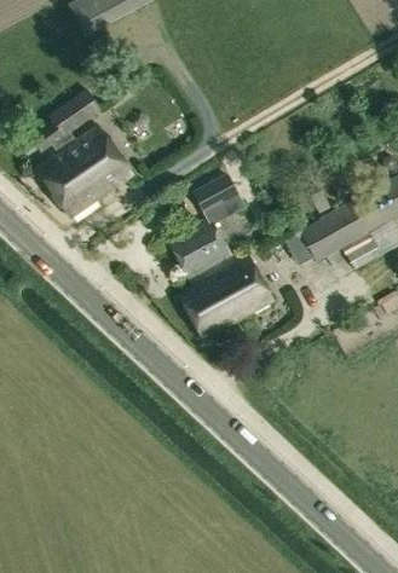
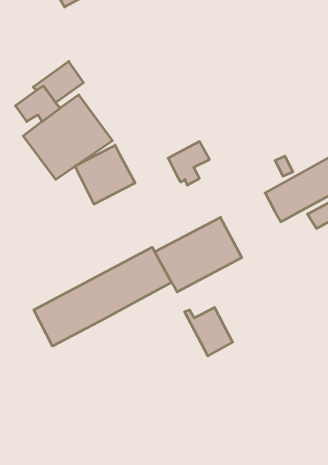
building: [168,216,233,280] -> [75,145,135,204]
building: none -> [34,247,171,346]
building: none -> [185,307,233,356]

